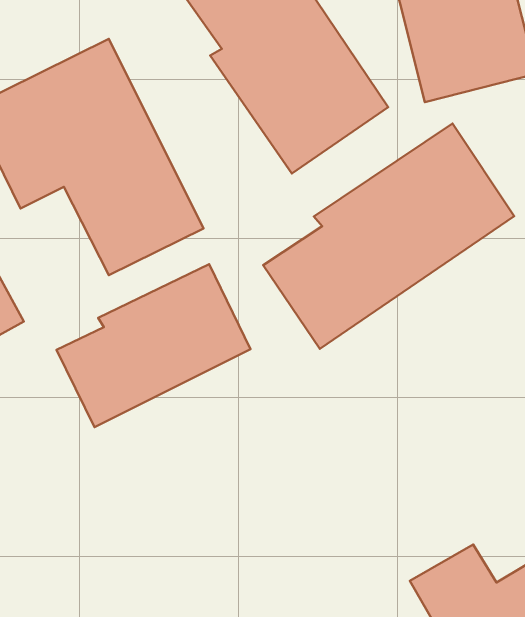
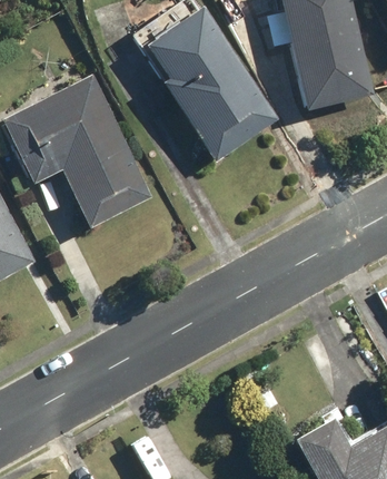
building: [263,124,514,349] -> none
building: [56,264,251,427] -> none

